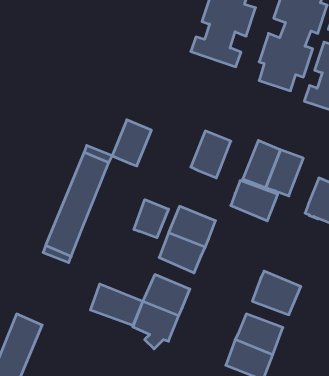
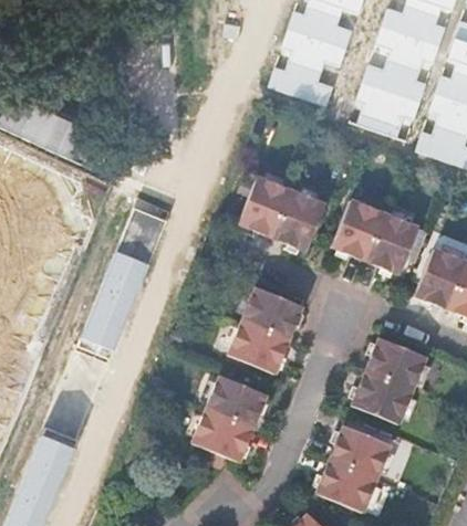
building: [112,120,151,166] -> [237,176,288,235]
building: [231,181,278,221] -> [364,338,425,390]
building: [134,200,169,238] -> none
building: [90,284,143,326] -> none

